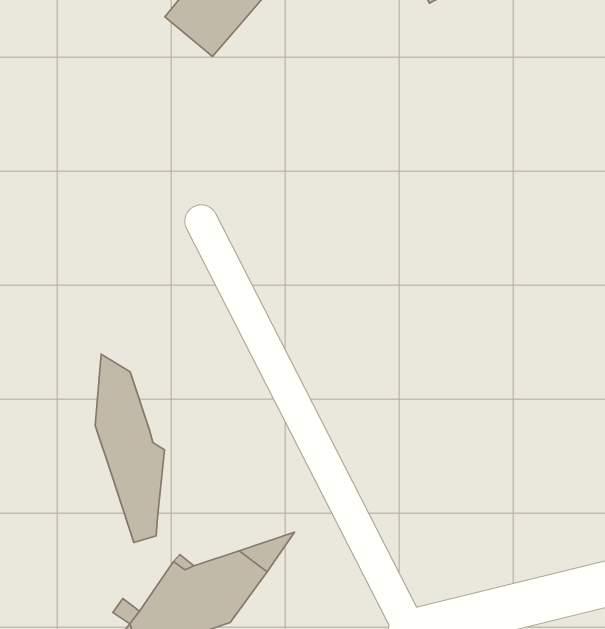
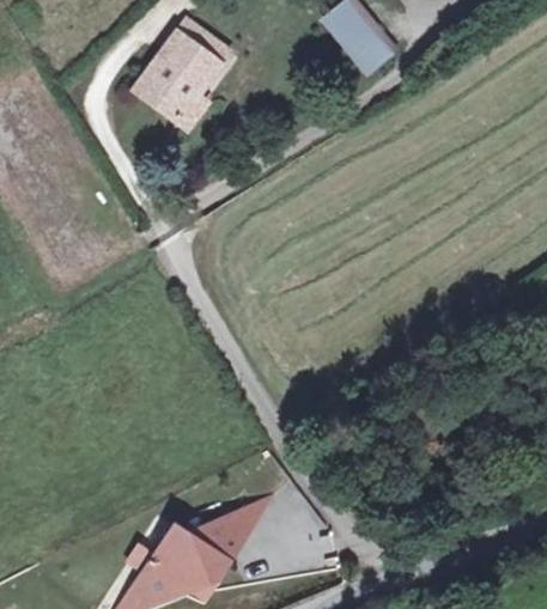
building: [95,354,164,542] -> none

